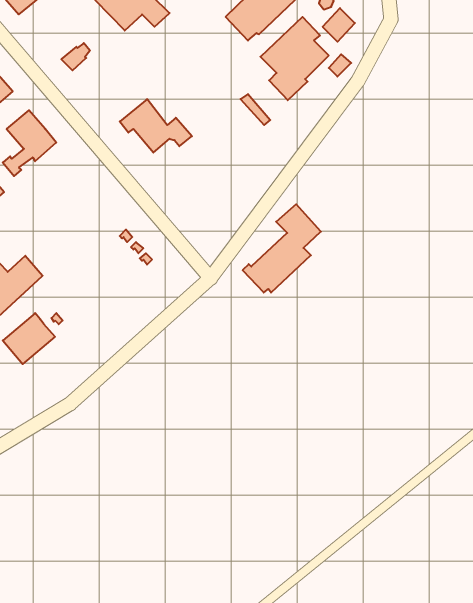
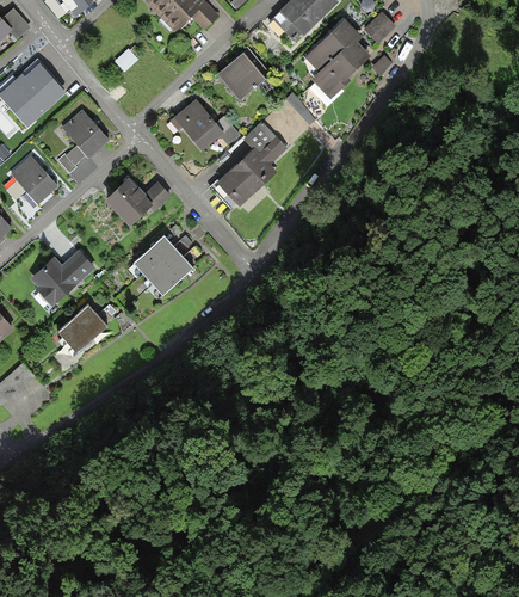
building: none -> [217,54,264,100]
building: none -> [105,179,172,228]
building: [243,204,321,293] -> [211,122,286,207]
building: none -> [134,235,192,294]

